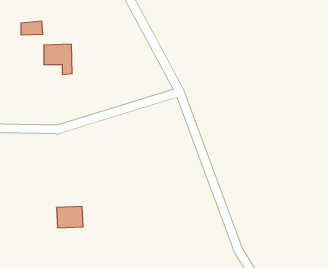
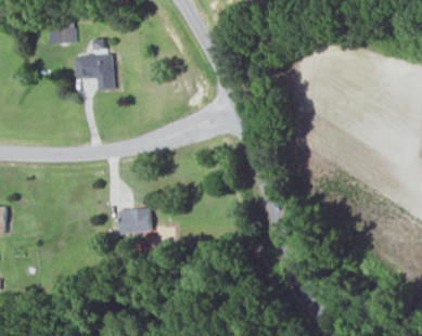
building: [56,207,83,228] -> [119,207,151,232]

